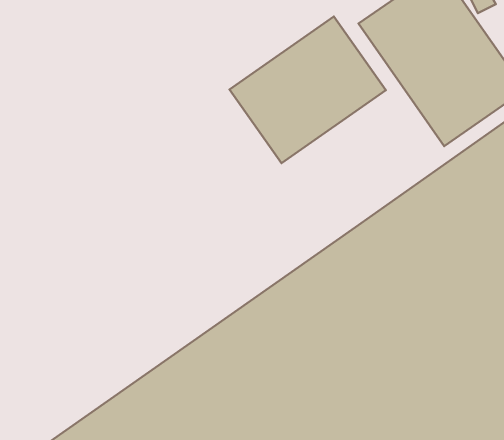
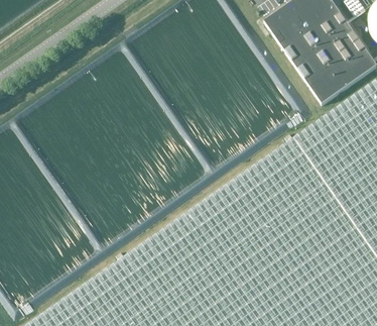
building: [230,16,386,163] -> none

